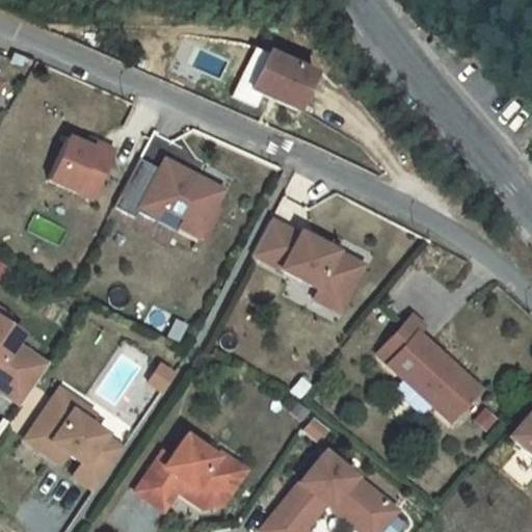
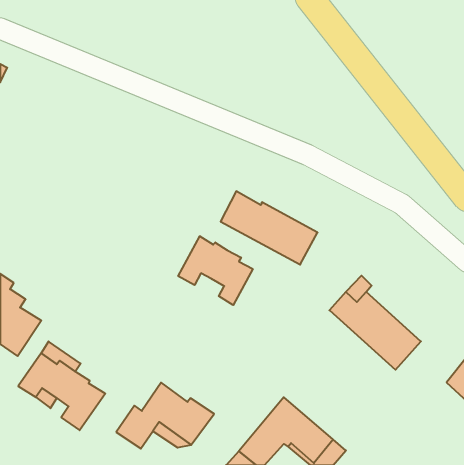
building: [251,51,316,109] -> none
building: [51,134,117,196] -> none
building: [117,157,222,235] -> none
building: none -> [178,236,253,305]

